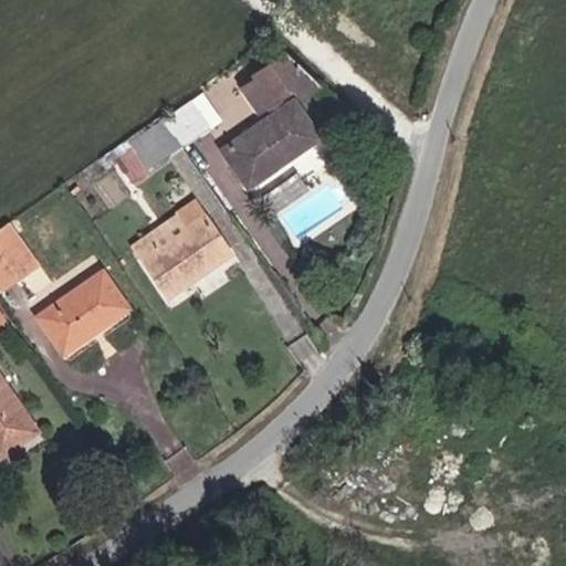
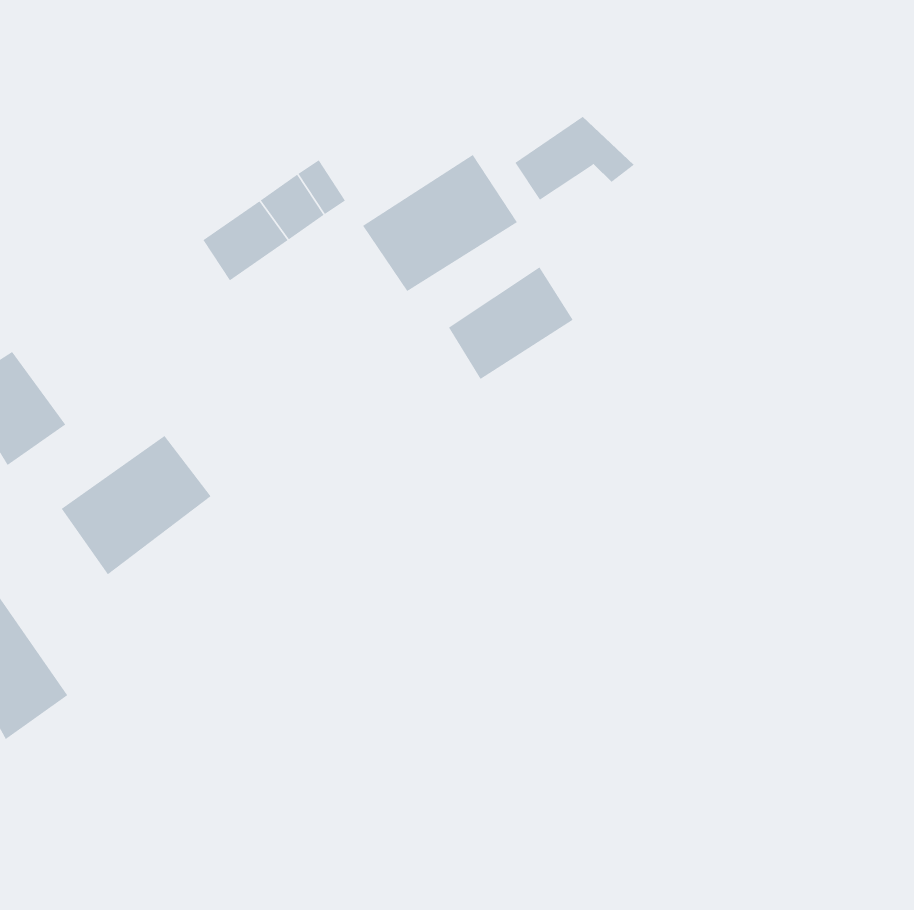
building: [240,53,314,105] -> [515,116,635,201]
building: none -> [448,267,573,380]
building: [134,217,227,296] -> none

